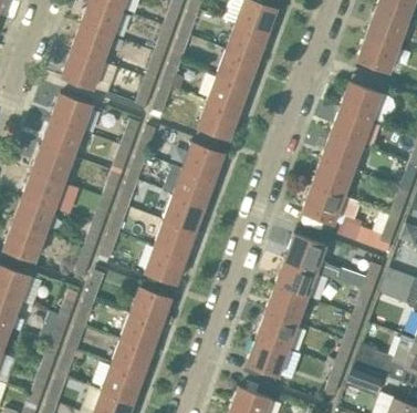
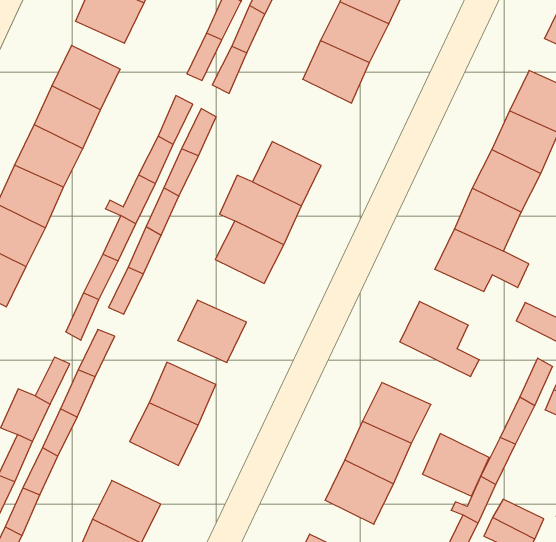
building: [198,101,240,140] -> none
building: [155,219,196,257] -> none
building: [275,260,316,298] -> [422,434,489,496]
building: [112,339,153,376] -> none

